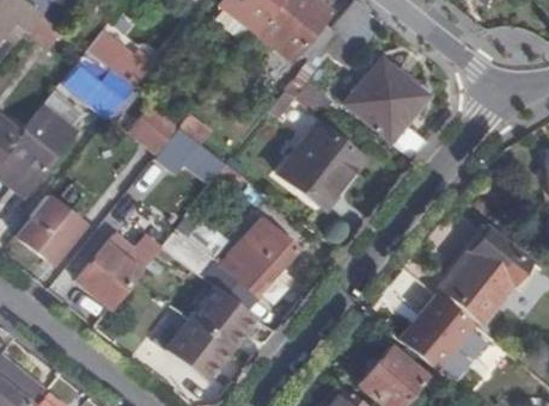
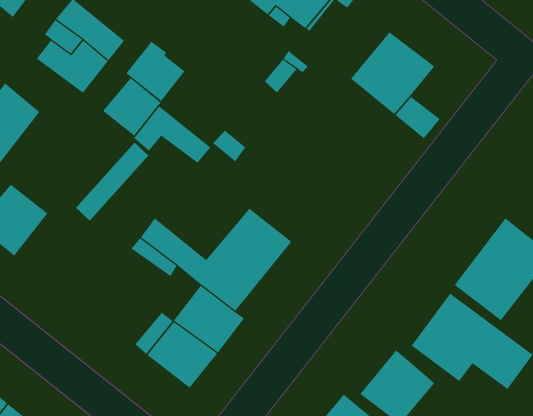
building: none -> [126,41,185,102]
building: [279,124,360,207] -> none
building: [77,232,140,307] -> none

